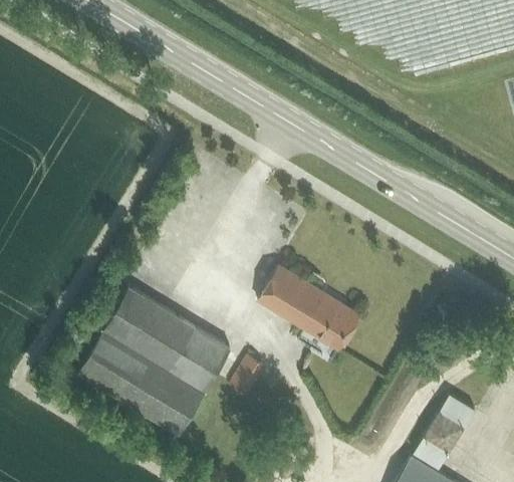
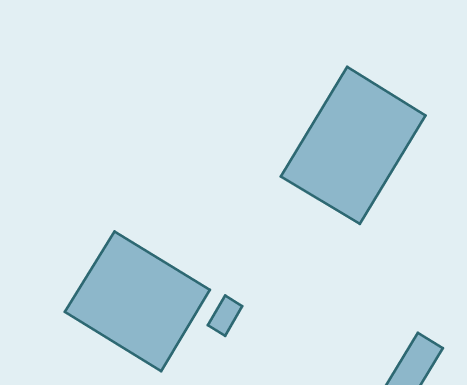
building: none -> [281,67,426,224]
building: [259,267,361,351] -> none

